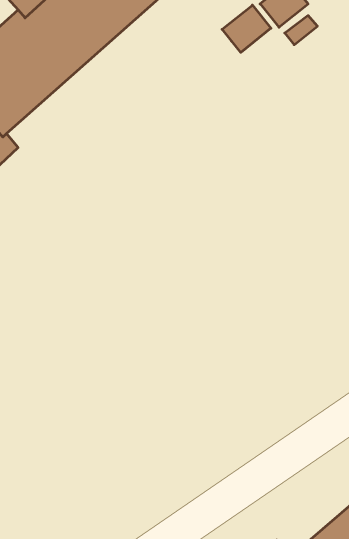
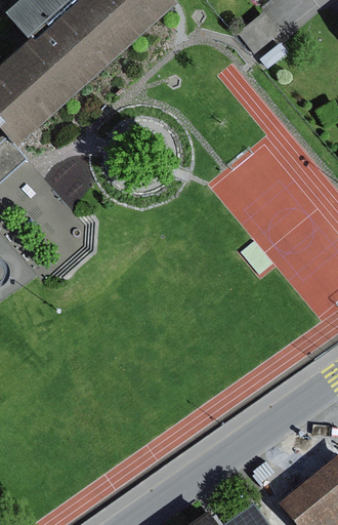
building: [222,5,271,52] -> none

